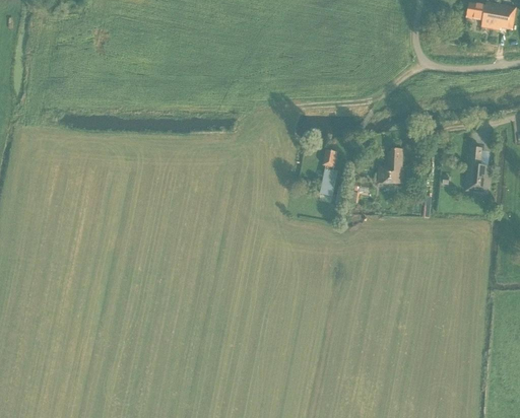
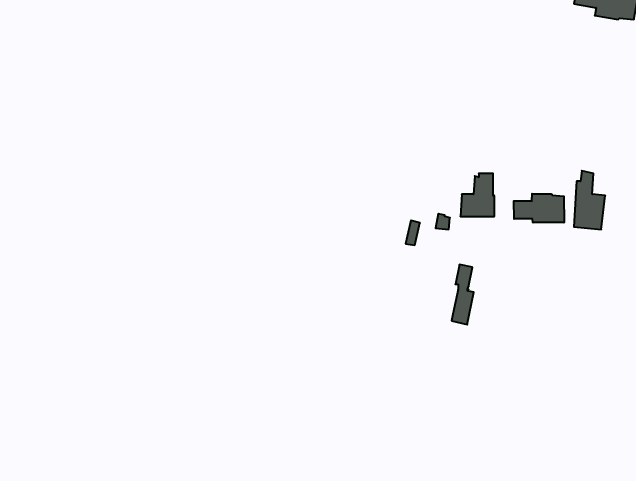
building: [320,150,337,197] -> [452,265,474,325]
building: none -> [514,194,564,223]

